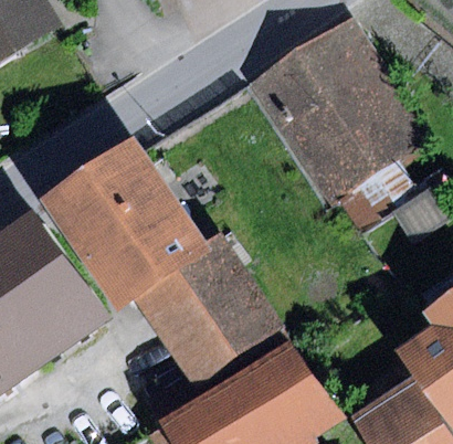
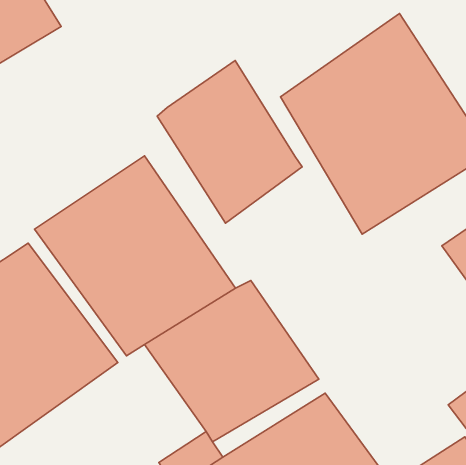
building: none -> [157,60,302,223]

